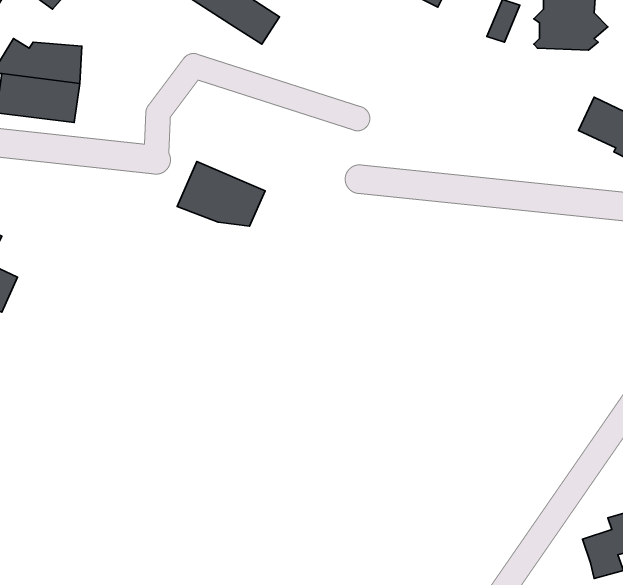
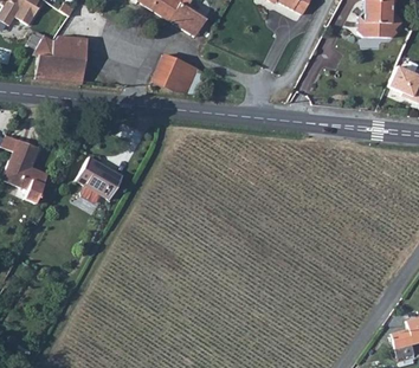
building: [177,162,265,226] -> [153,53,206,92]
building: none -> [77,156,123,199]

